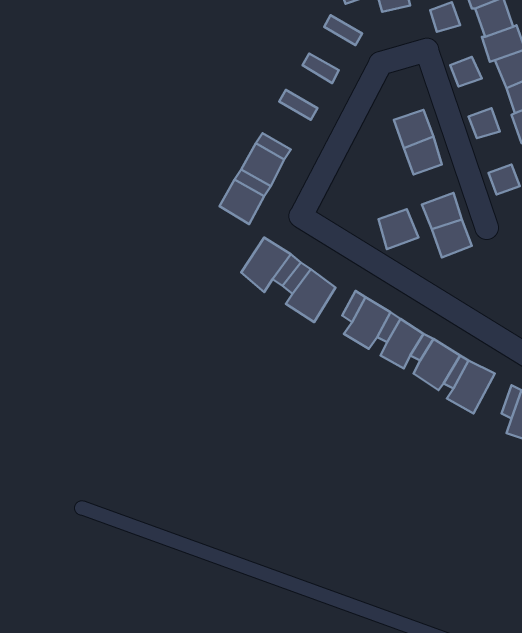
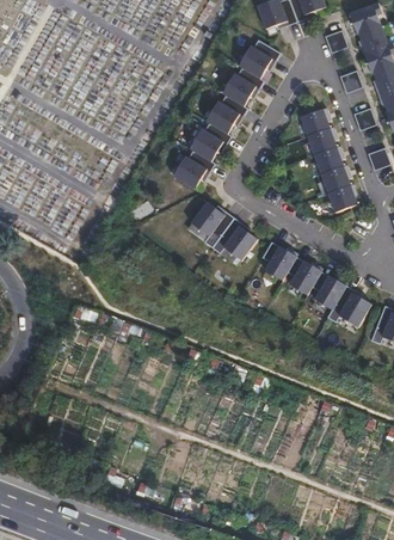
building: none -> [239,48,272,79]
building: none -> [222,75,256,106]
building: none -> [207,102,240,134]
building: [379,209,418,249] -> [314,147,343,176]

